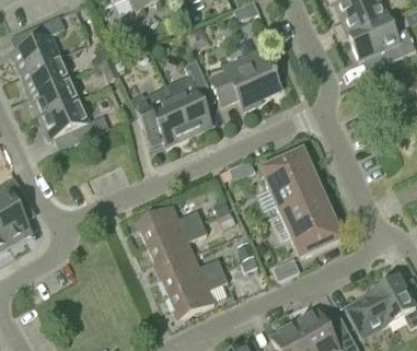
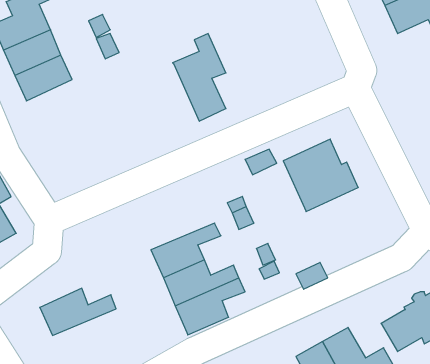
building: [209,49,280,108] -> none
building: [130,85,188,144] -> none
building: [39,98,108,141] -> none
building: [280,191,340,256] -> none
building: [136,204,201,245] -> [40,288,116,335]

